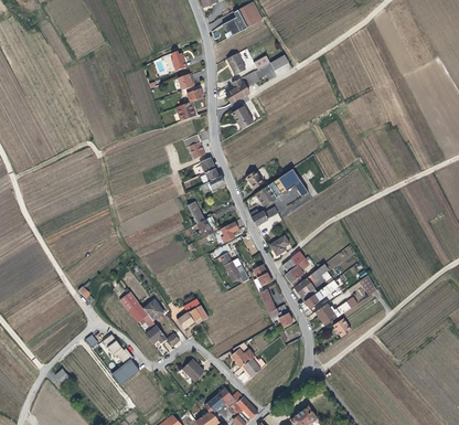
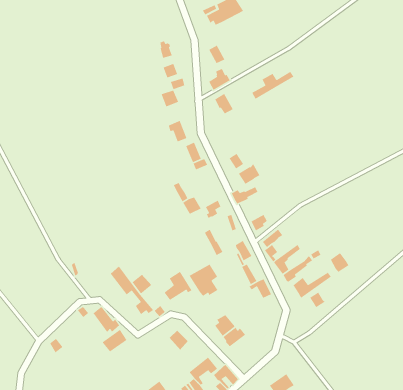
building: [243,55,289,86] -> [251,71,295,100]
building: [274,170,310,198] -> none
building: none -> [189,264,219,297]

